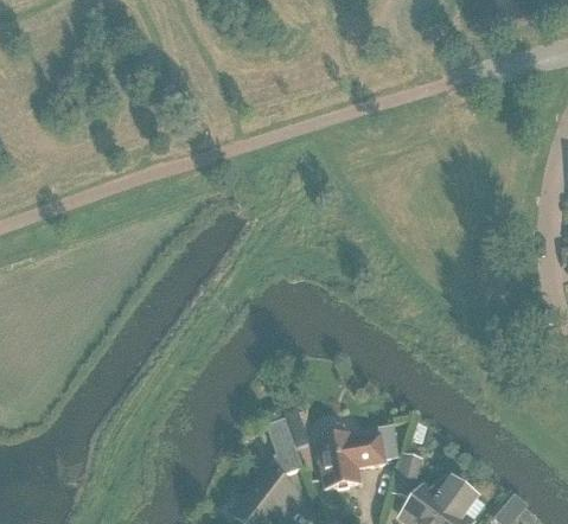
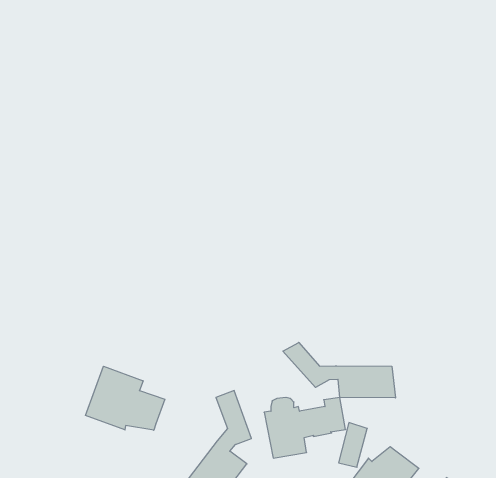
building: none -> [283,342,395,398]
building: none -> [85,366,165,430]

